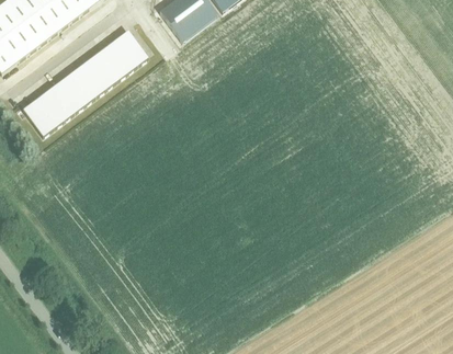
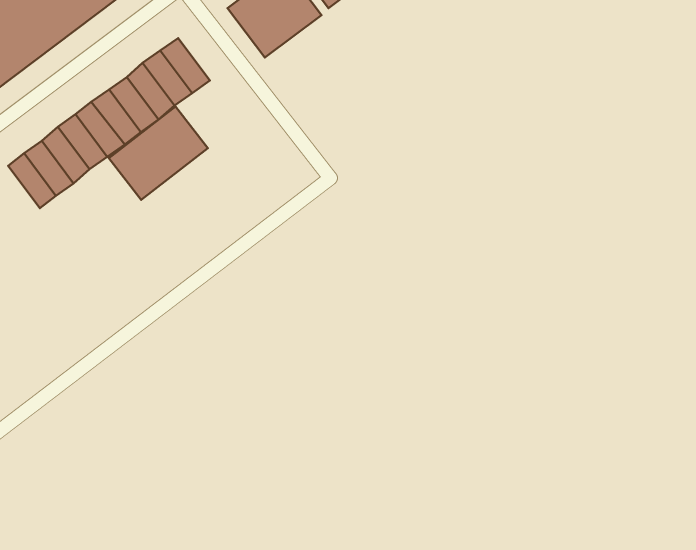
building: none -> [109,107,208,200]

